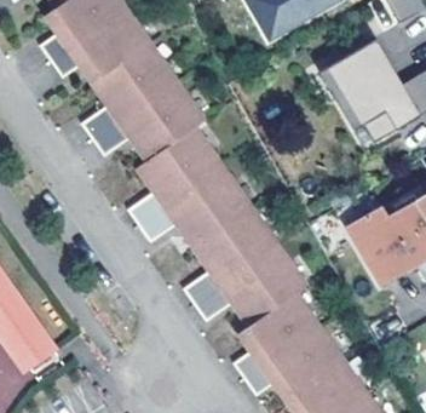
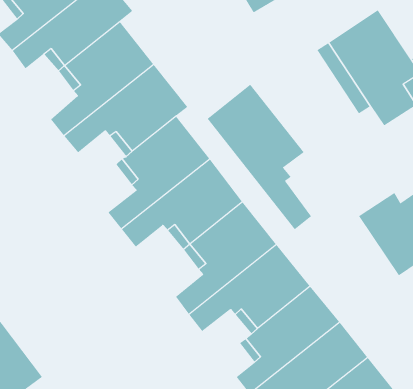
building: none -> [207,84,312,230]

